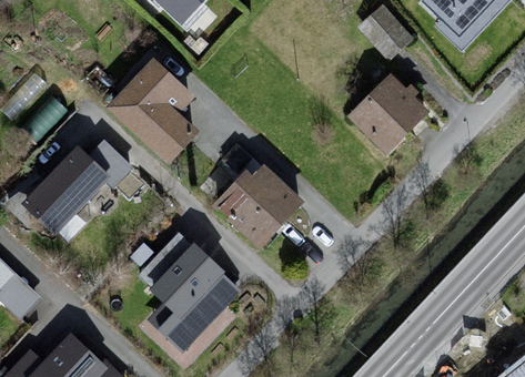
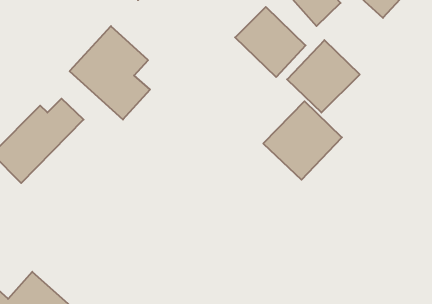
building: none -> [235,7,306,77]
building: [219,164,305,251] -> [263,101,342,180]
building: [143,238,233,346] -> none

